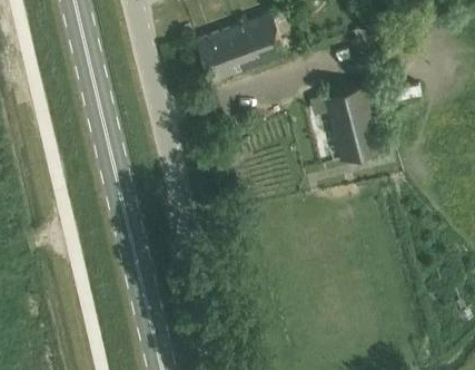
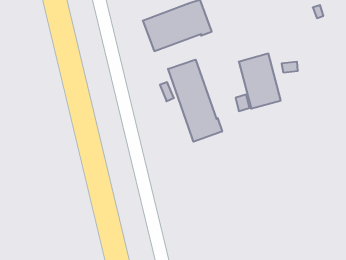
building: none -> [168,60,222,142]

